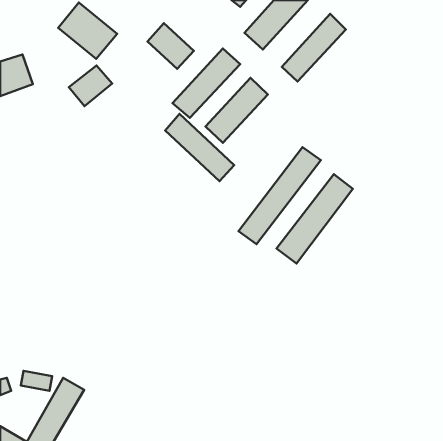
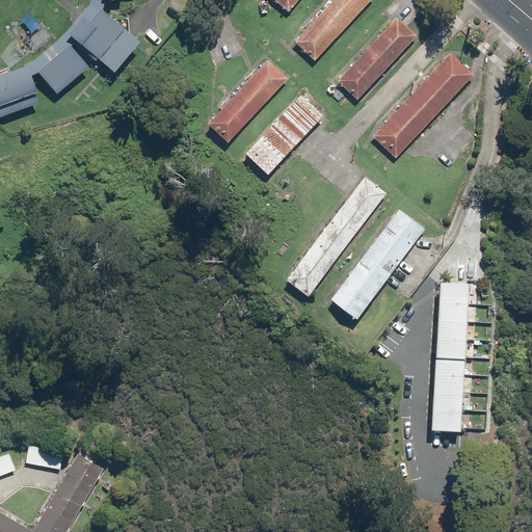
building: [147,23,194,69] -> none
building: none -> [373,53,474,158]
building: [69,65,112,106] -> [37,46,89,95]
building: [165,114,234,181] -> none
building: none -> [432,281,471,430]

